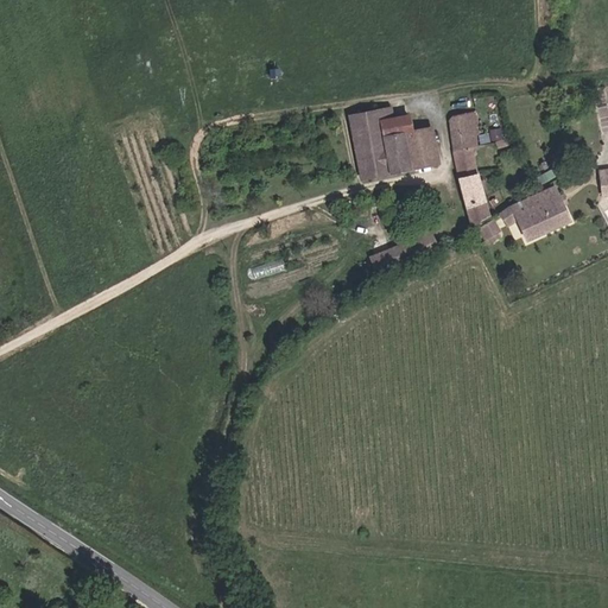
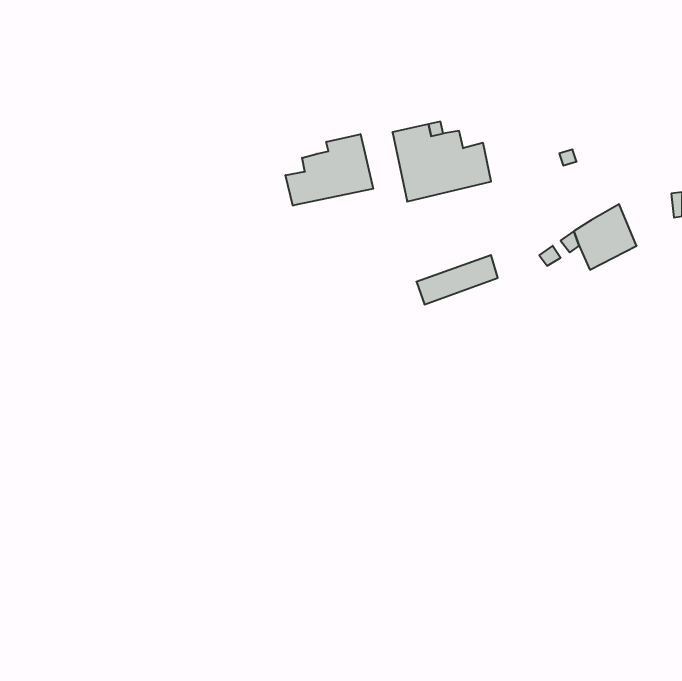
building: [449,110,490,227] -> none
building: none -> [286,134,373,206]

